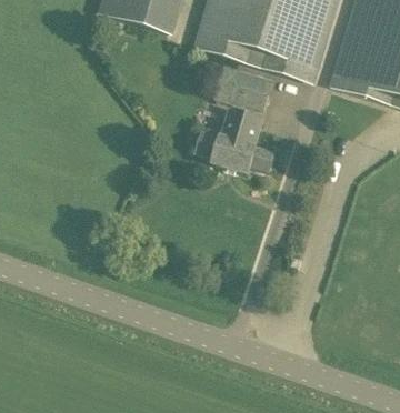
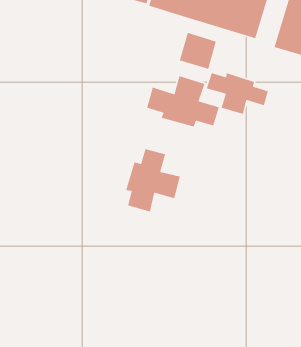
building: none -> [206,72,269,115]
building: none -> [125,148,181,213]

